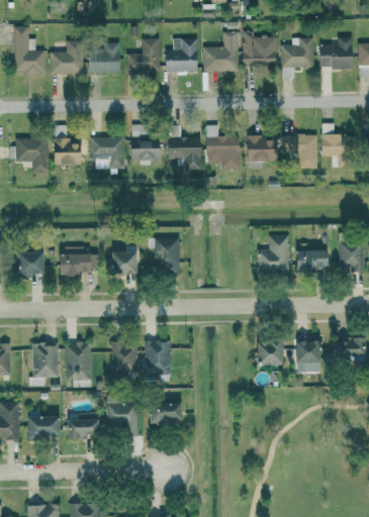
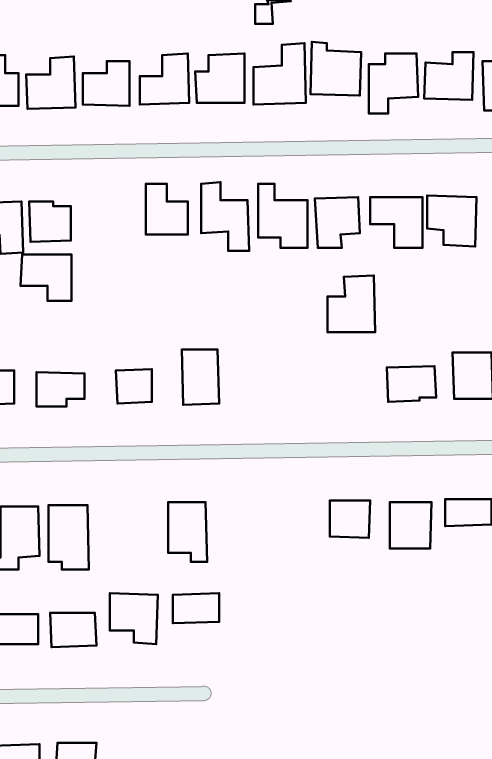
building: [89,137,123,169] -> [21,254,71,301]
building: [257,235,289,274] -> [327,275,375,332]
building: [111,341,139,372] -> none

